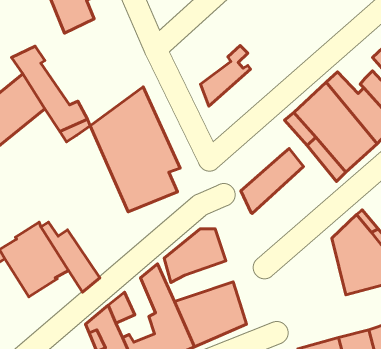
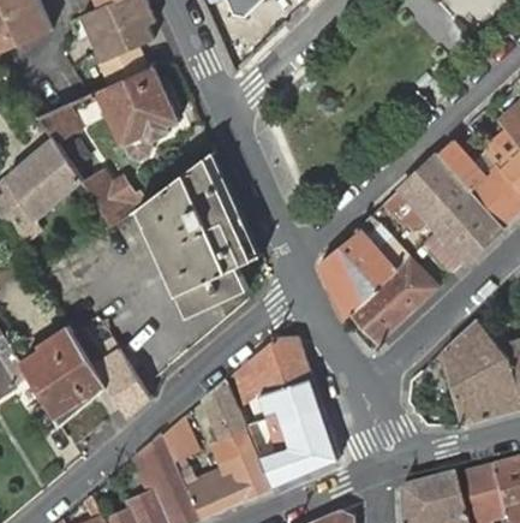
building: none -> [86,66,179,160]
building: [200,46,251,106] -> [318,212,382,289]
building: none -> [343,262,430,343]
building: none -> [258,378,319,422]

